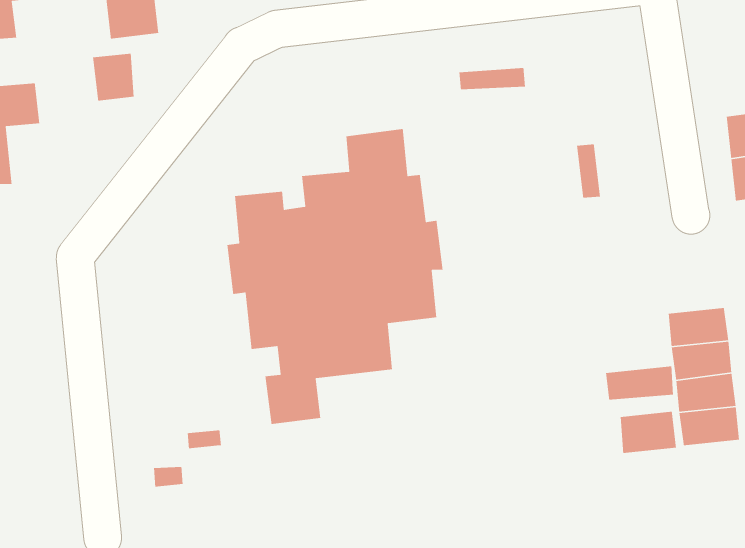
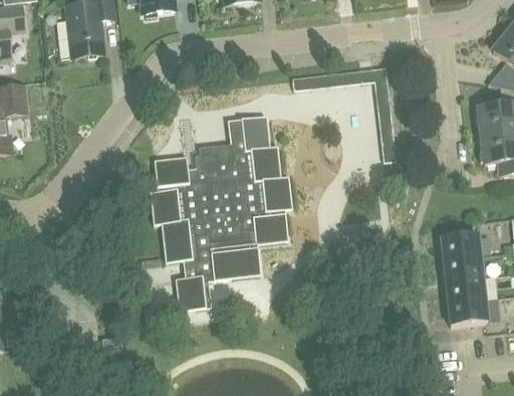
building: [92,53,135,102] -> none
building: [605,365,674,401] -> none
building: [620,411,677,454] -> none

